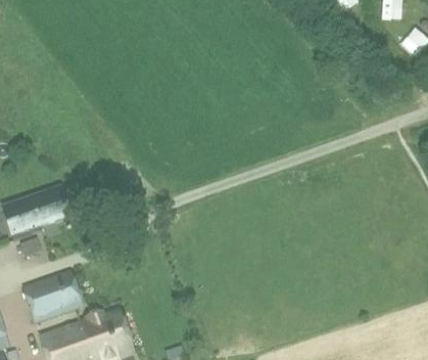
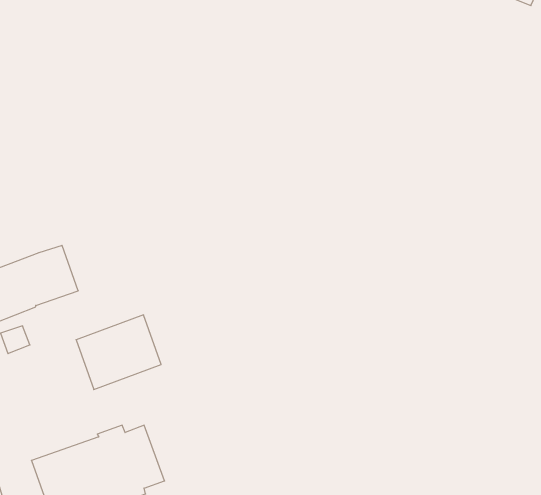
building: [23,268,83,320] -> [76,315,161,390]

